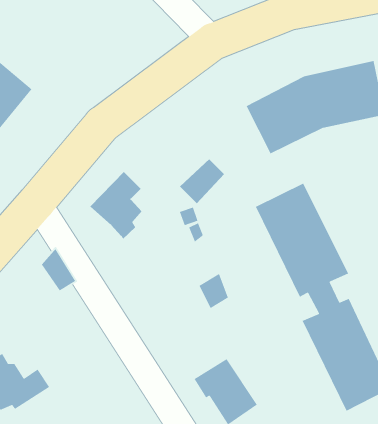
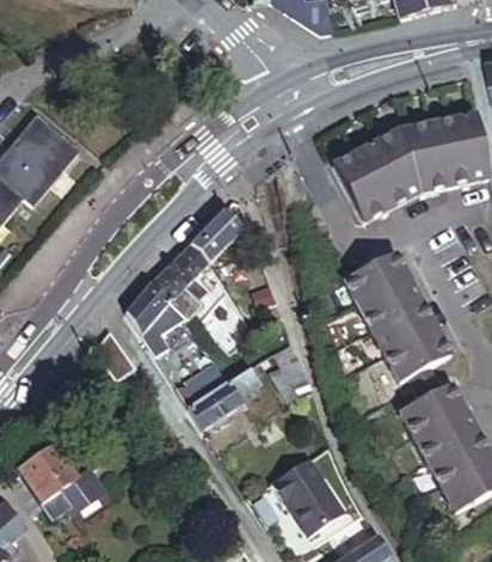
building: [179,159,225,204] -> [191,208,244,261]
building: none -> [127,281,192,356]
building: none -> [176,364,263,429]

